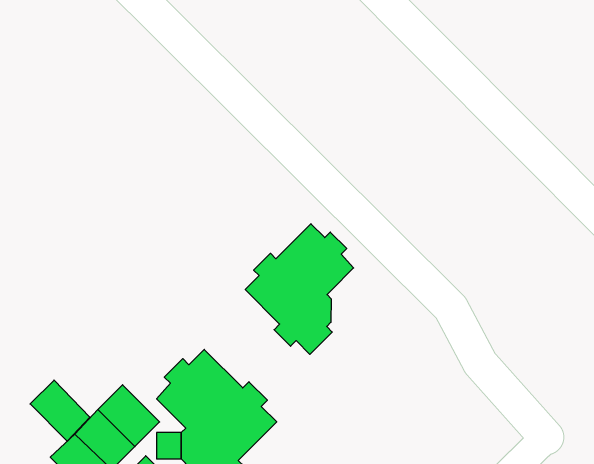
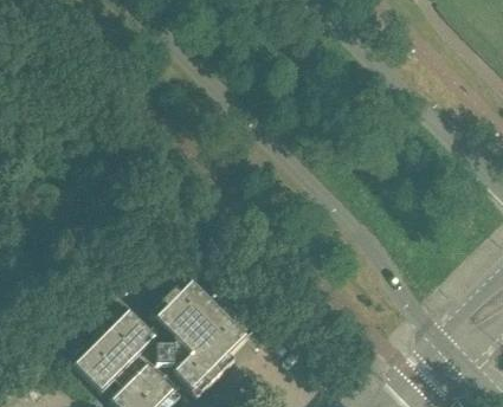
building: [245,224,354,354] -> none
building: [30,380,90,441] -> none

